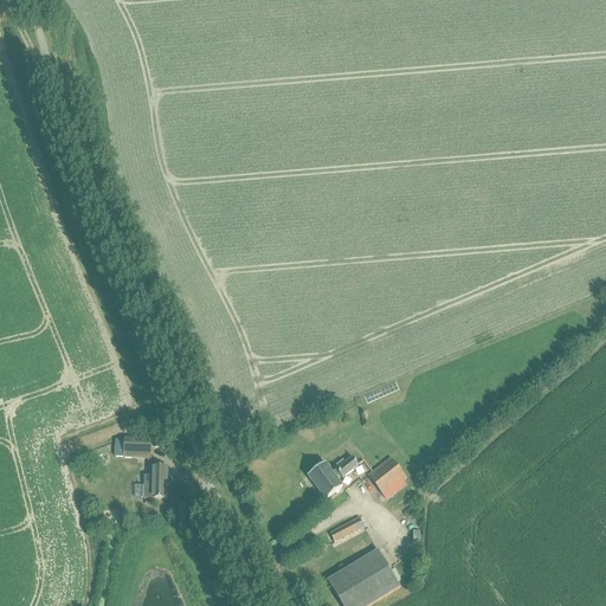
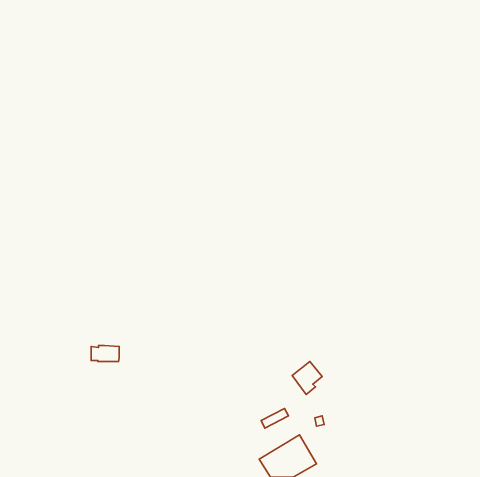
building: [307,454,357,497] -> none
building: [135,464,166,496] -> none

